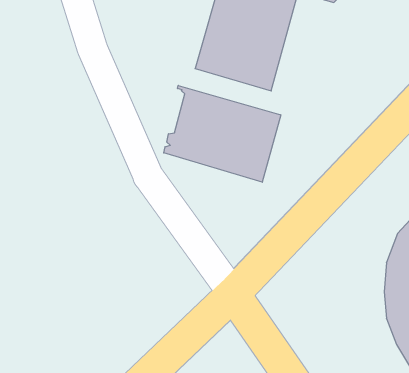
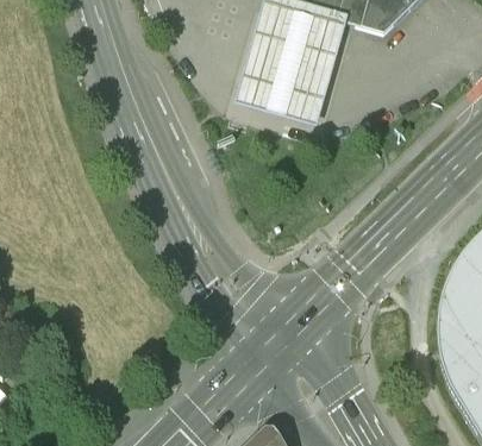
building: [164,85,281,182] -> none

